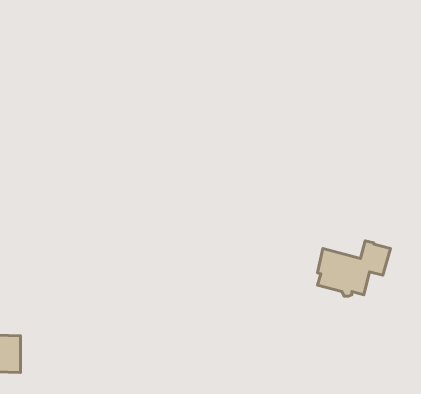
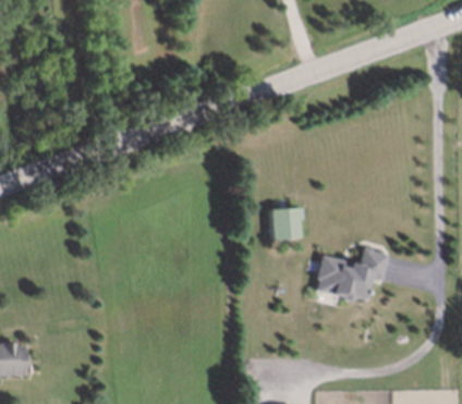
building: none -> [279,210,307,241]

